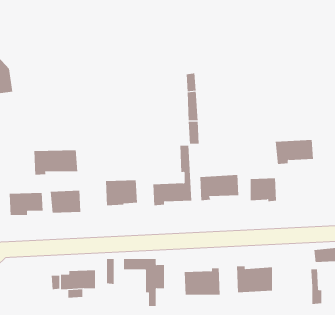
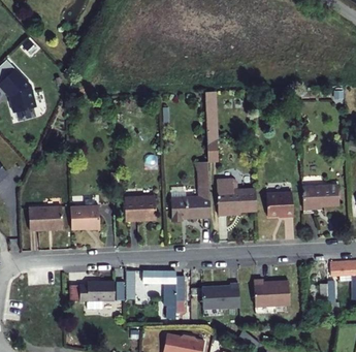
building: [275,139,314,165] -> [302,186,341,211]
building: [34,150,78,176] -> none

